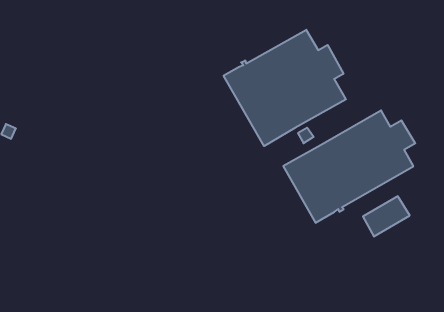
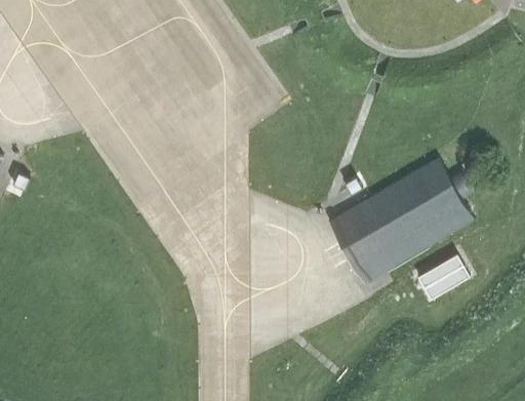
building: [224,30,346,146] -> none

